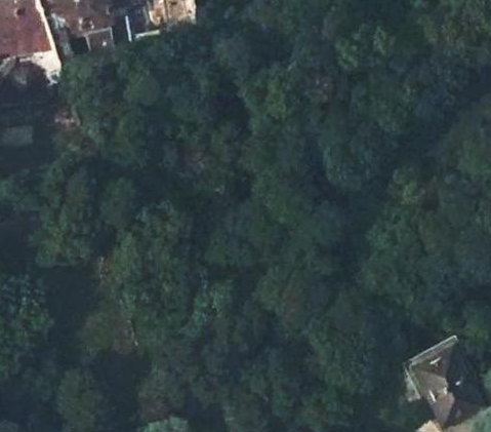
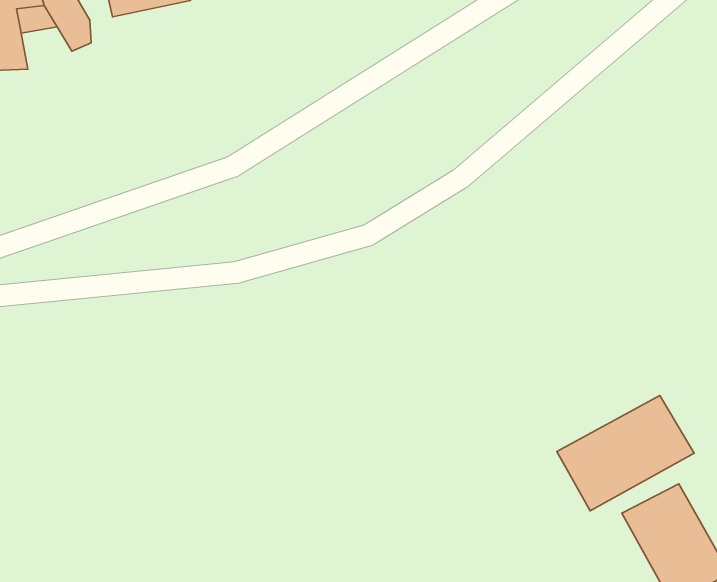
building: none -> [557,396,694,511]

